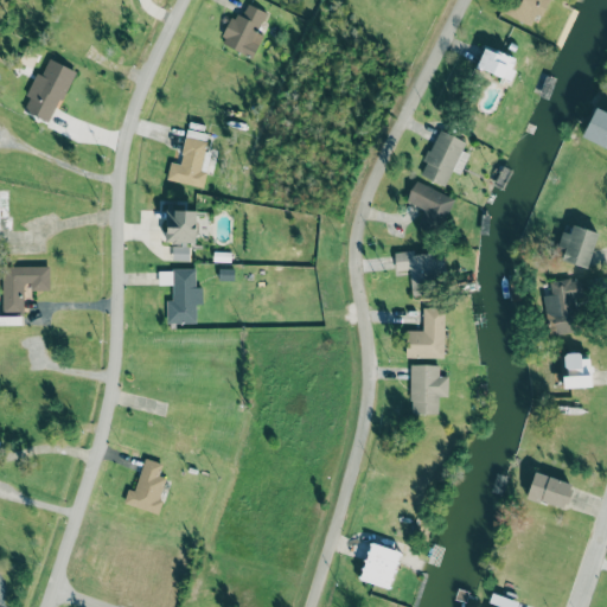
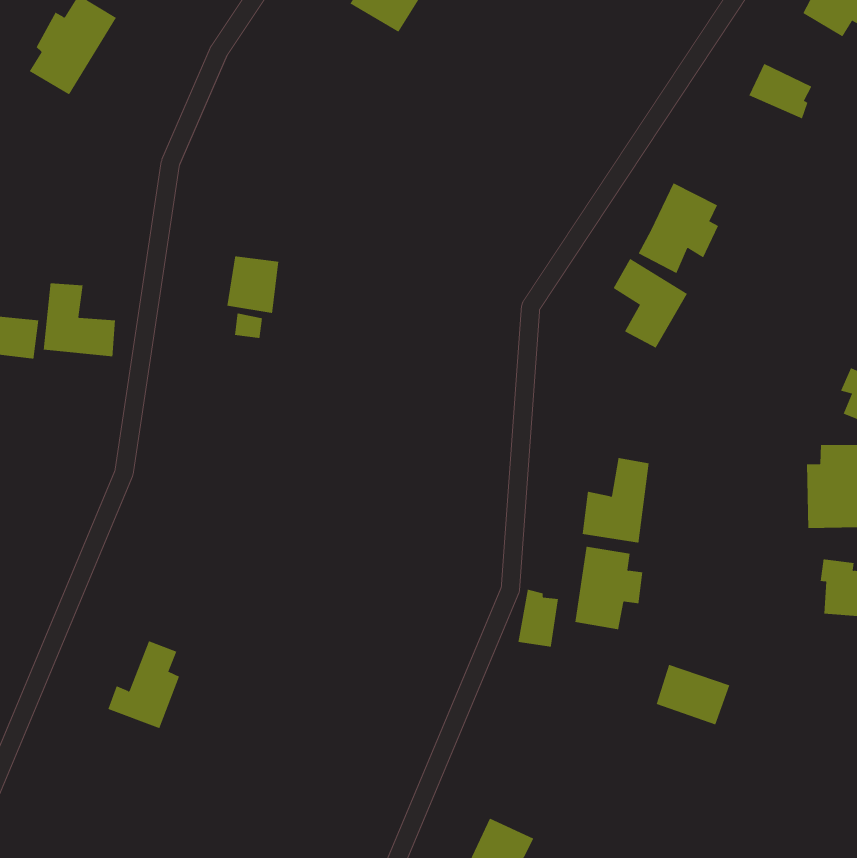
building: [167,129,211,187] -> none
building: none -> [43,282,116,357]
building: [395,250,443,295] -> none
building: [167,268,203,322] -> none
building: none -> [518,589,558,647]
building: [529,473,574,507] -> [656,664,730,725]

